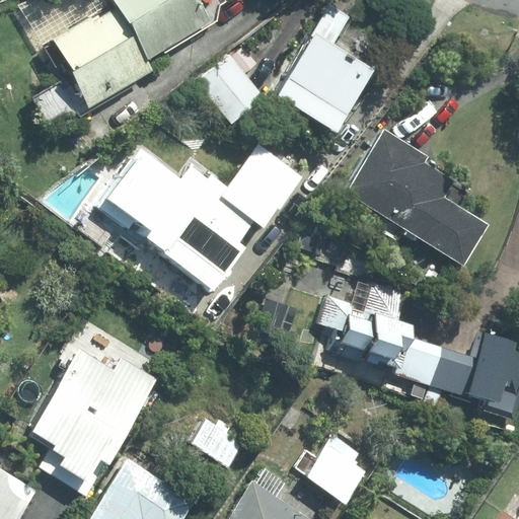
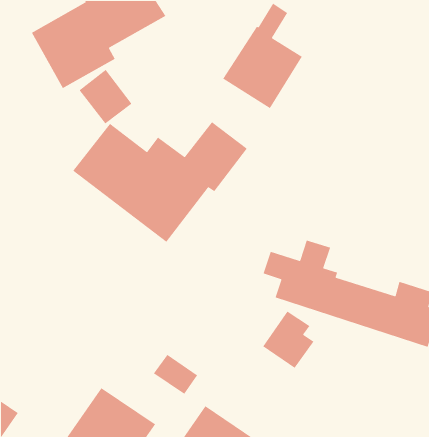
building: [200,57,264,123] -> [79,69,133,125]
building: [348,130,488,266] -> none
building: [28,350,159,497] -> none
building: [305,435,367,504] -> [262,310,315,369]

